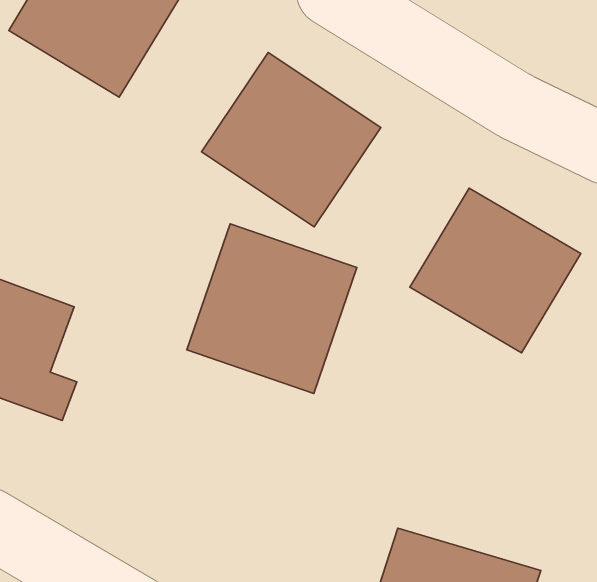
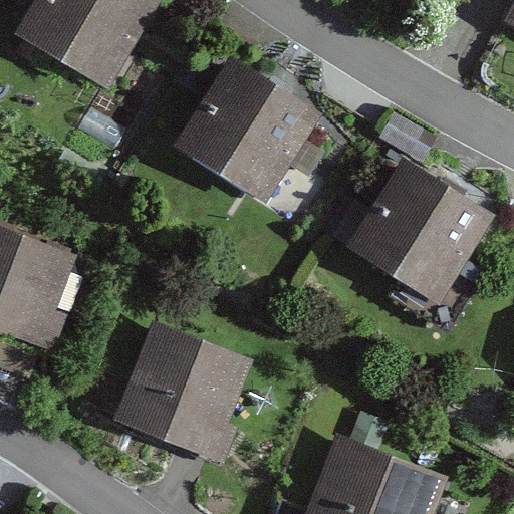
building: [187,224,357,394] -> none
building: none -> [112,325,255,463]

